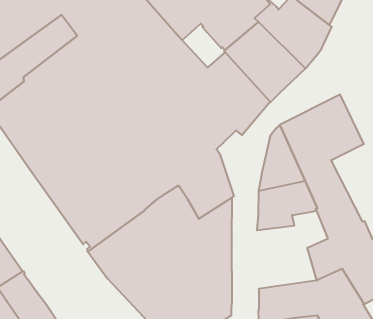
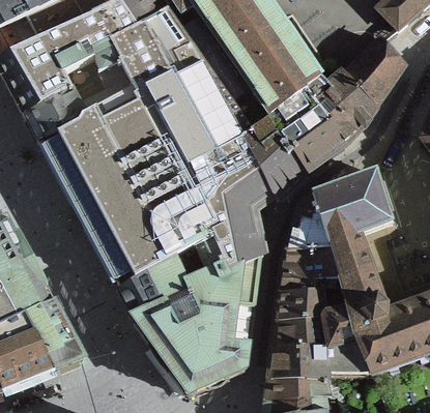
building: none -> [276,288,332,344]

